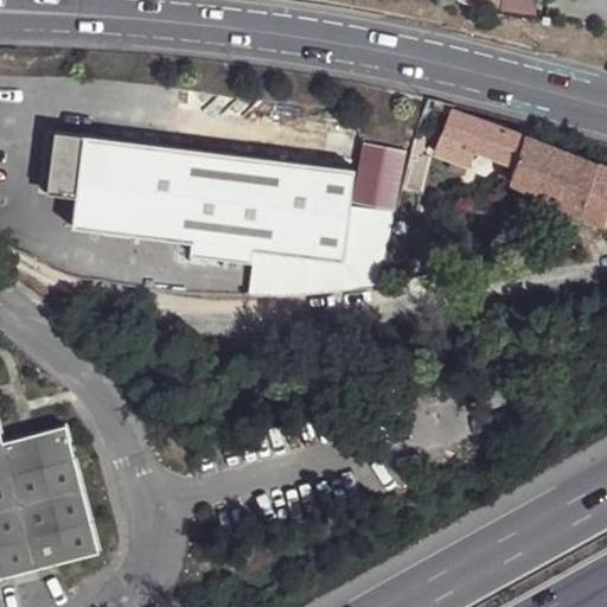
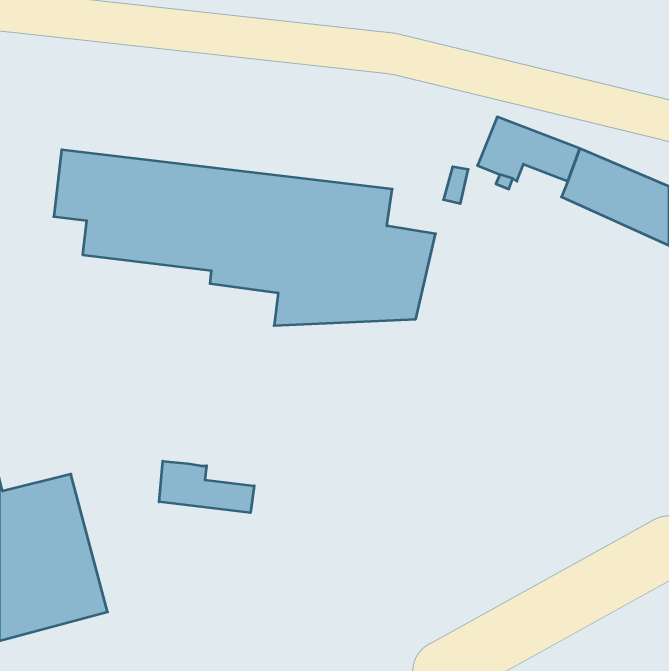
building: [364,142,404,200] -> none
building: none -> [159,461,254,513]

